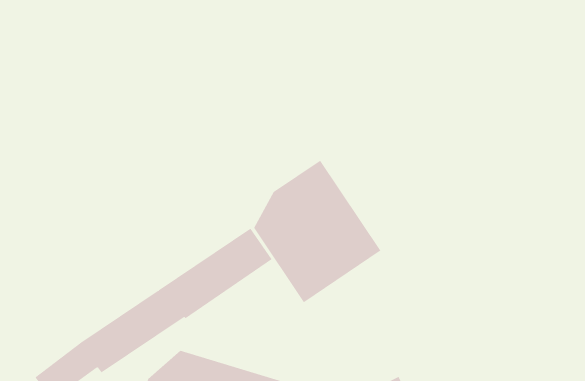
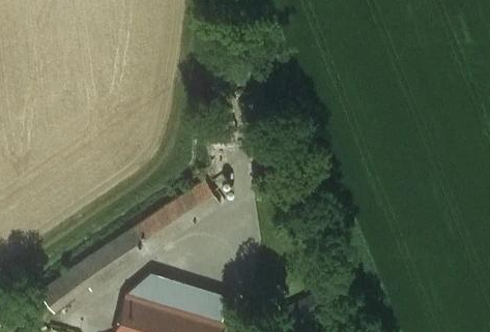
building: [253,160,381,303] -> none

